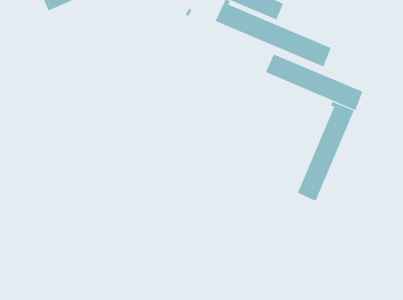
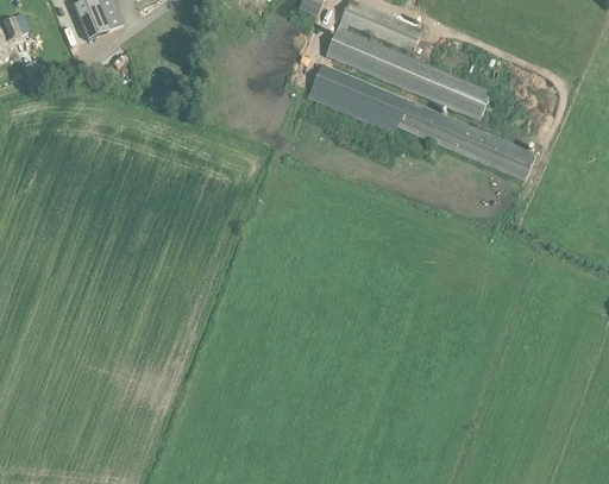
building: none -> [310,63,408,126]
building: [297,101,355,201] -> none

